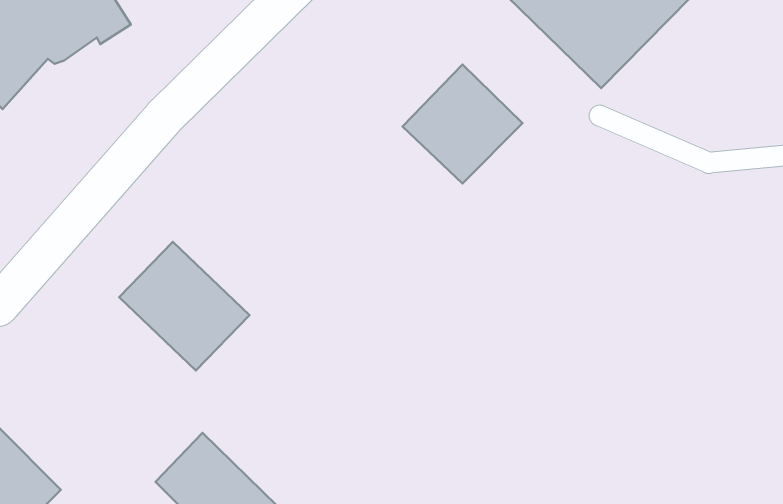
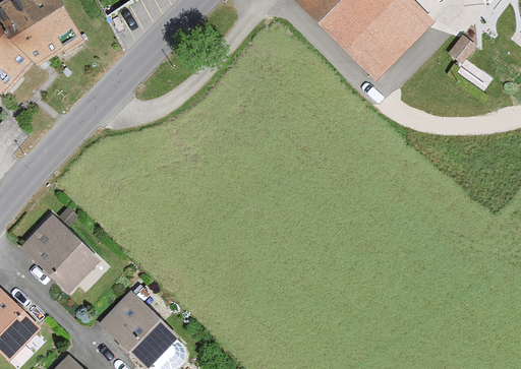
building: [402,64,522,183] -> none
building: [119,242,249,370] -> [18,214,100,295]

